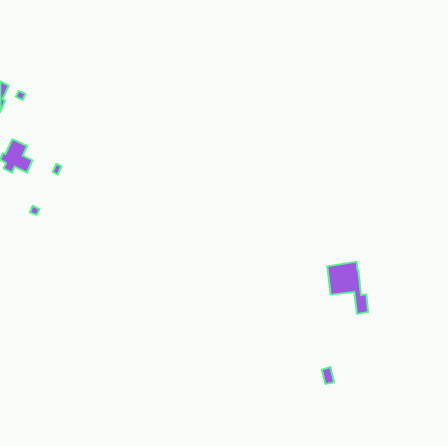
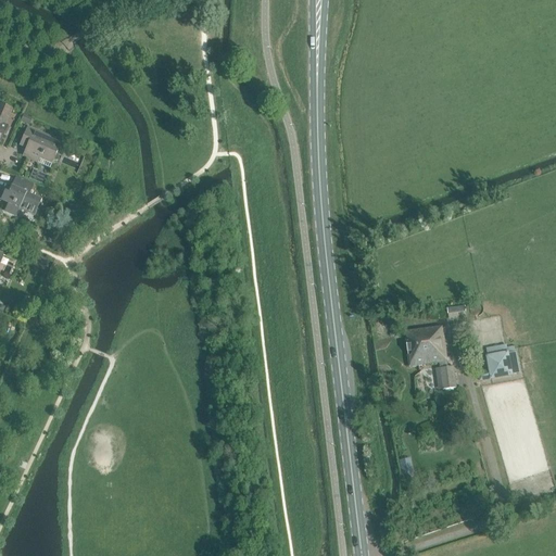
building: none -> [18,125,61,166]
building: none -> [478,352,513,379]

